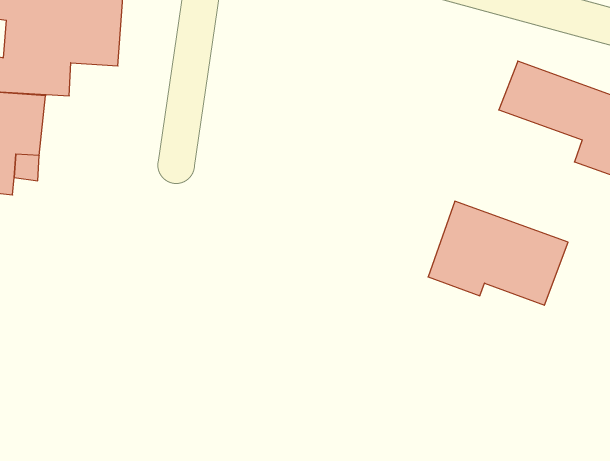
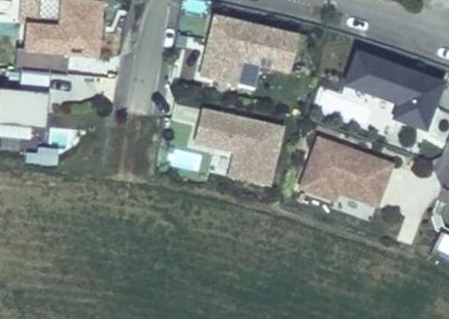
building: none -> [199,16,298,85]
building: none -> [194,109,282,185]

